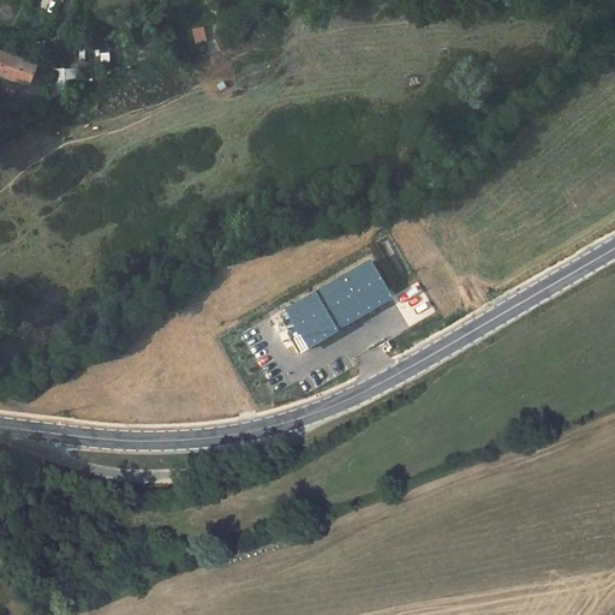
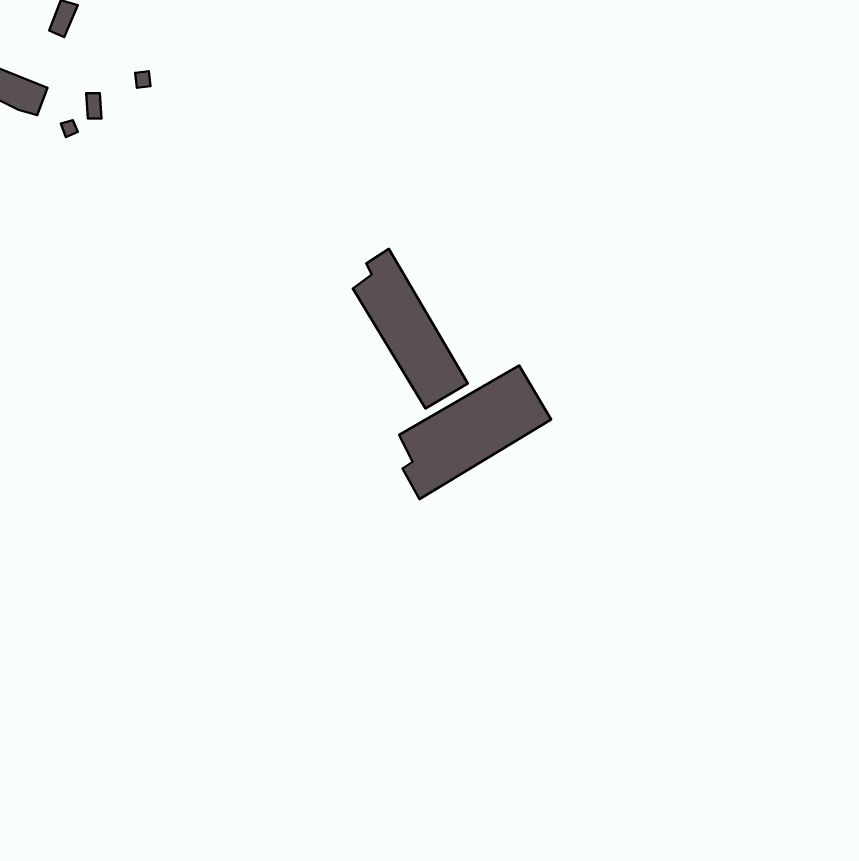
building: none -> [353,249,468,408]

